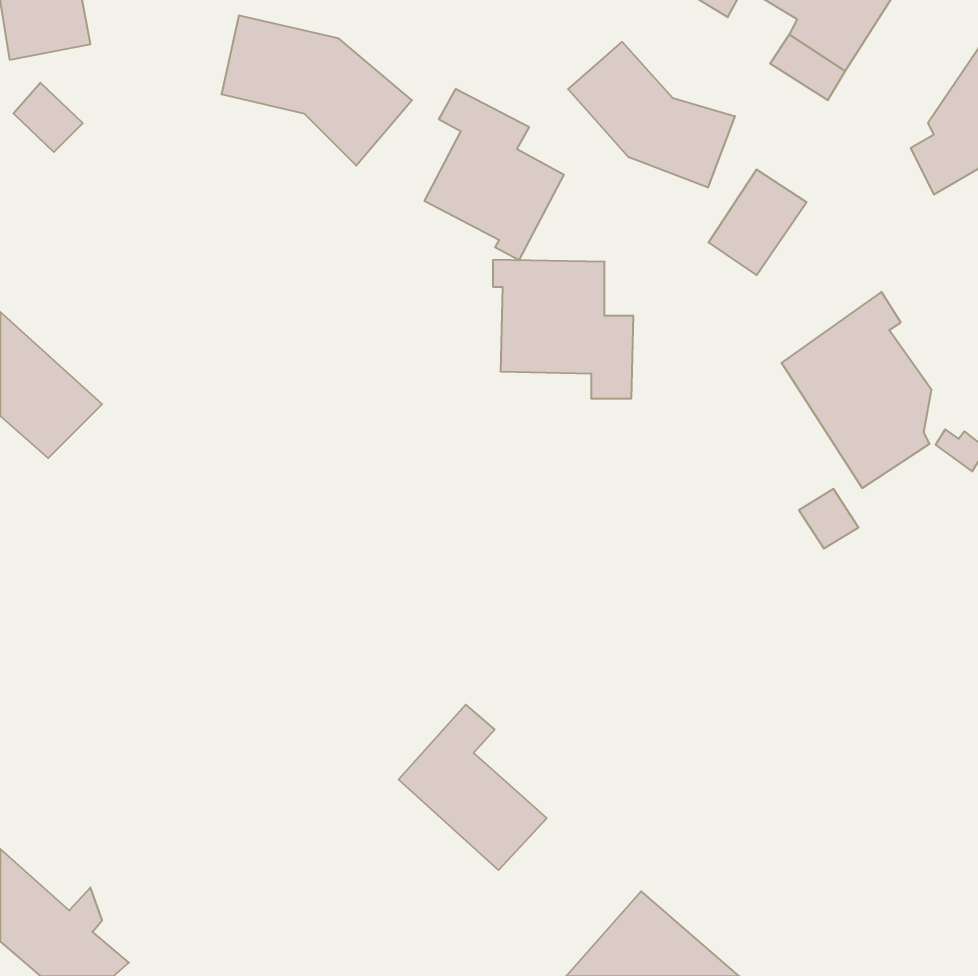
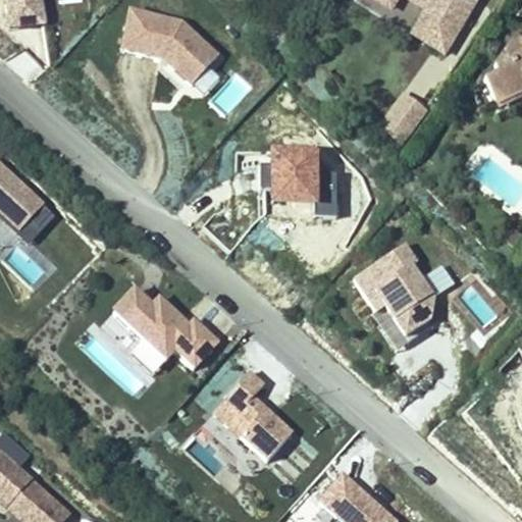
building: [568,42,735,188] -> none
building: [424,89,564,260] -> none
building: [781,292,932,488] -> [354,246,433,350]
building: none -> [114,290,216,373]

